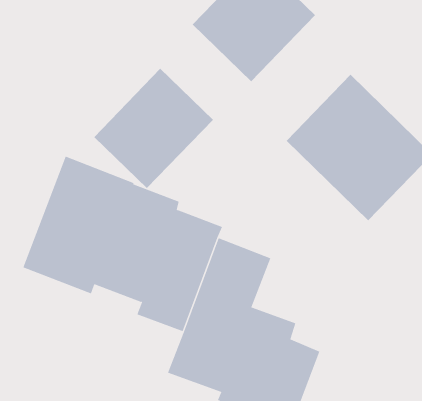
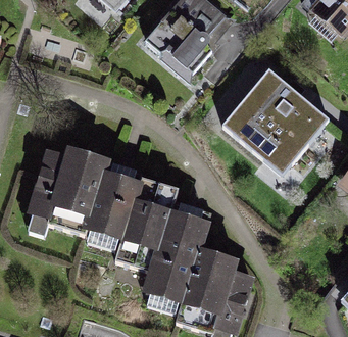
building: [93,68,214,189] -> none

